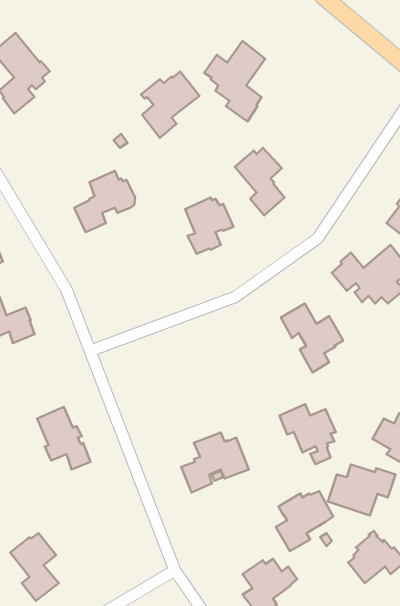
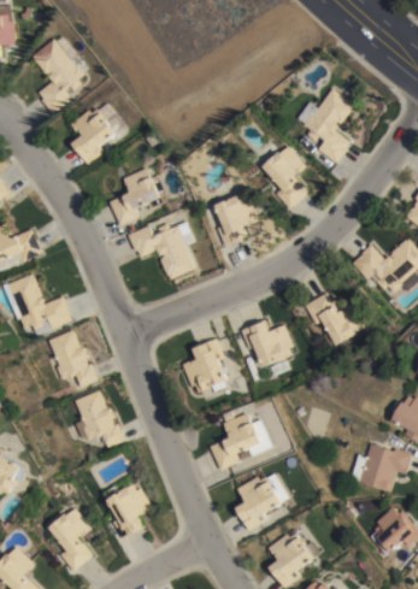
building: [204,41,265,121] -> [295,87,353,163]
building: [141,72,199,138] -> [70,101,125,164]
building: none -> [128,219,196,279]
building: none -> [47,329,98,388]
building: none -> [181,337,228,393]
building: [280,404,336,464] -> [240,319,293,376]
building: [276,491,333,551] -> [234,473,288,530]
building: none -> [106,483,154,540]

